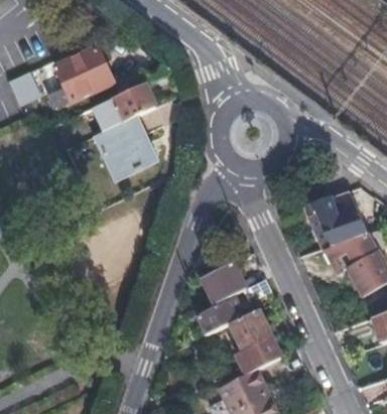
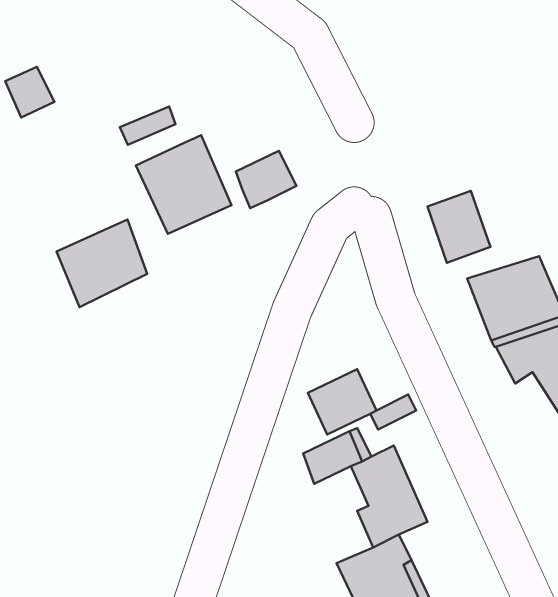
building: [58,47,113,100] -> none
building: [115,84,153,120] -> [236,151,296,208]
building: none -> [428,191,490,263]
building: none -> [57,219,147,307]

